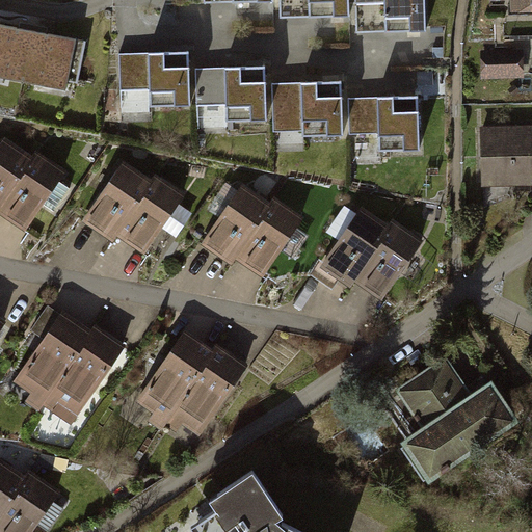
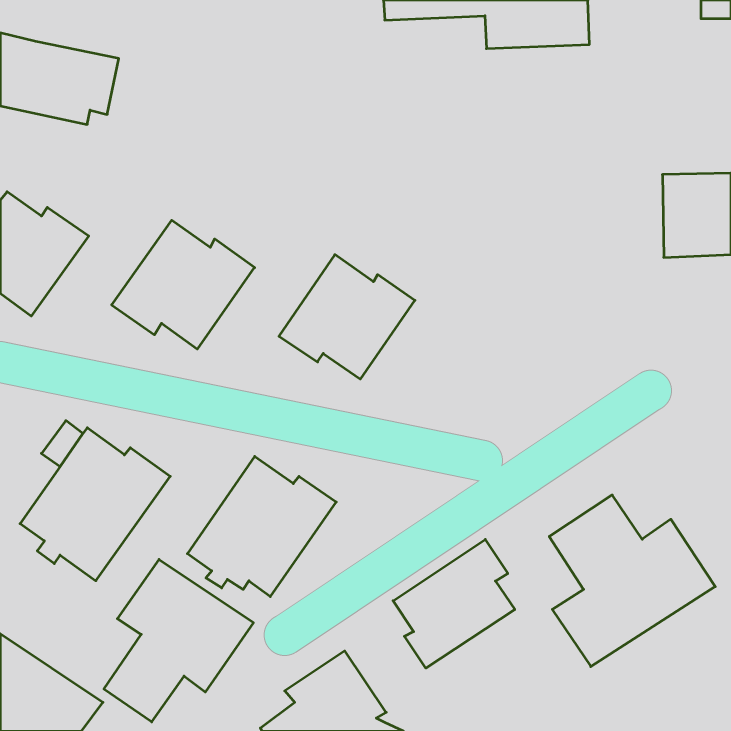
building: [479,51,525,78] -> none
building: [118,53,418,152] -> none
building: [320,206,421,298] -> none
building: none -> [393,539,515,668]
building: none -> [104,559,253,722]

